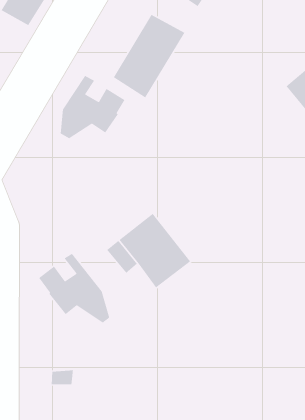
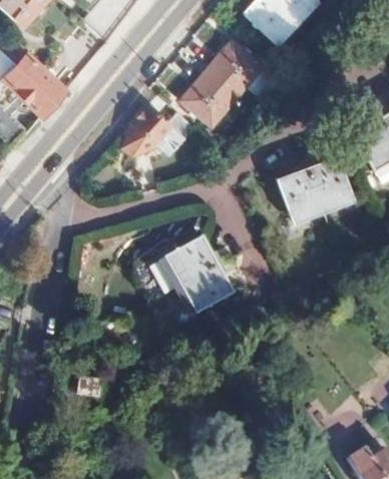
building: none -> [274,156,349,220]
building: [38,253,110,324] -> none

